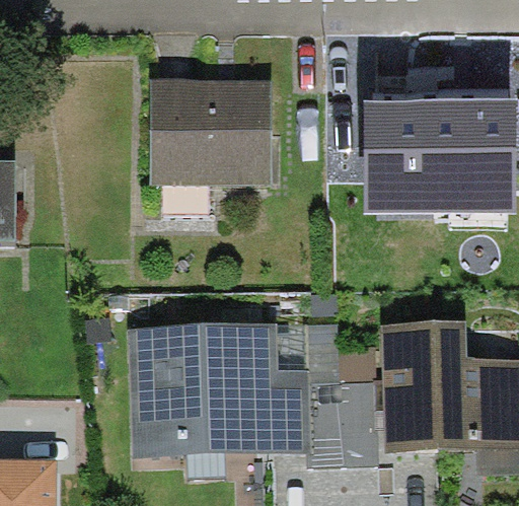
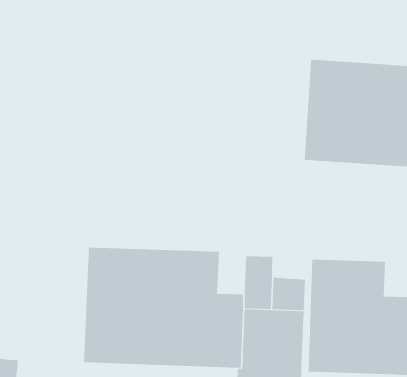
building: [151,79,273,186] -> none

